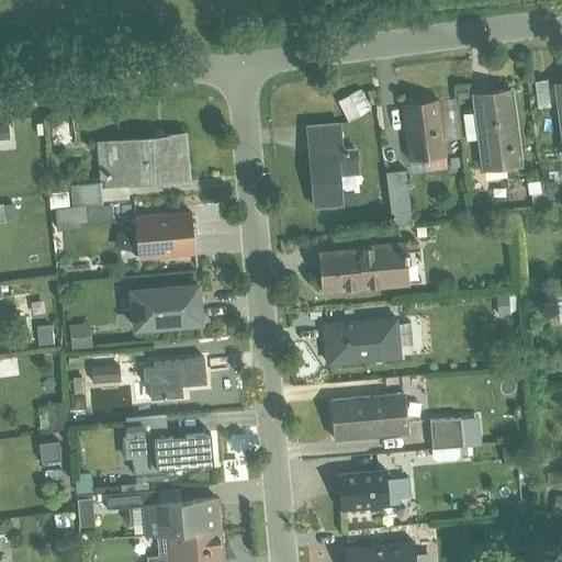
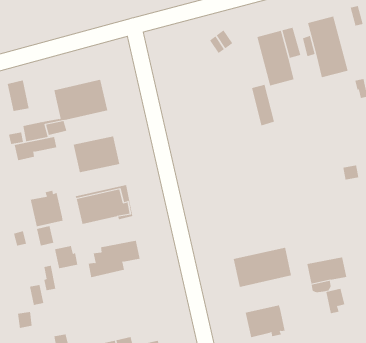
building: [307,125,361,209] -> none
building: [95,142,122,182] -> [7,80,30,111]
building: [318,240,419,292] -> none
building: none -> [30,190,63,227]
building: [325,319,402,366] -> none
building: [123,417,214,474] -> none
building: [387,475,412,508] -> [326,288,345,314]

